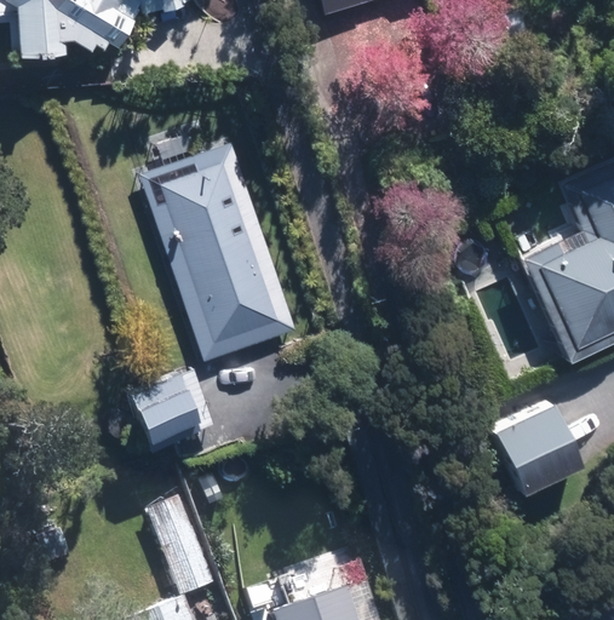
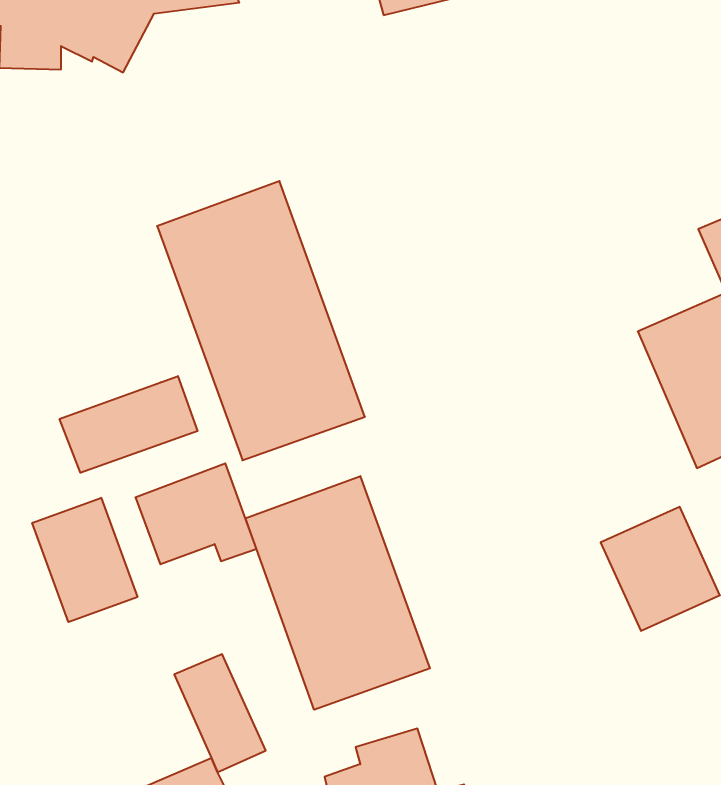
building: none -> [60,376,198,473]
building: none -> [246,476,430,710]
building: none -> [32,498,137,622]

